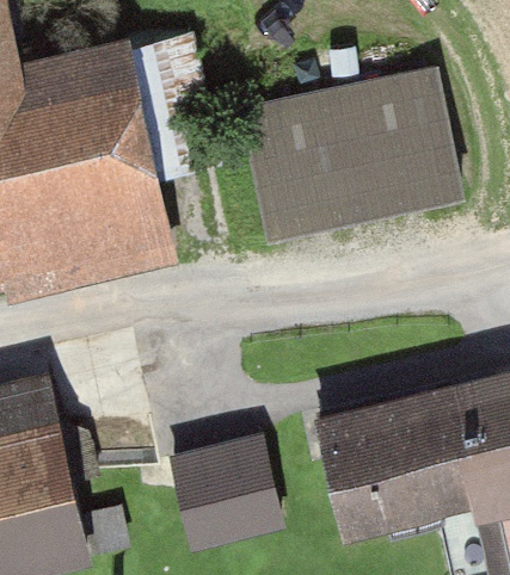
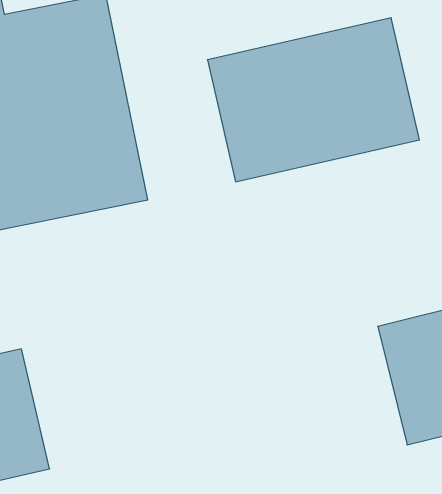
building: [317,394,454,545] -> none
building: [162,438,271,542] -> none

